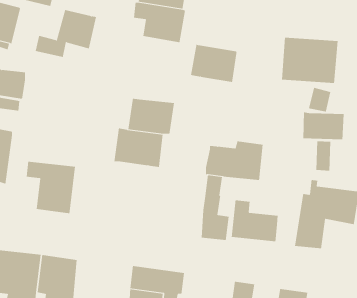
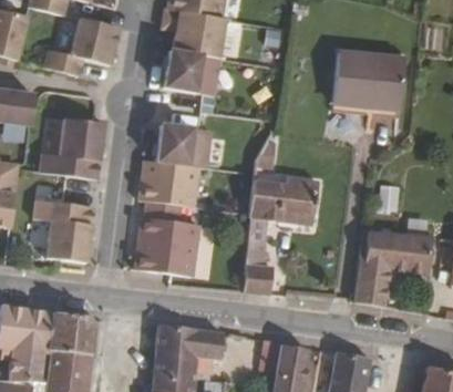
building: [190,44,237,83] -> [162,49,218,95]
building: none -> [38,115,103,179]
building: [303,111,344,140] -> none
building: none -> [134,217,197,276]
building: [231,200,278,242] -> none

